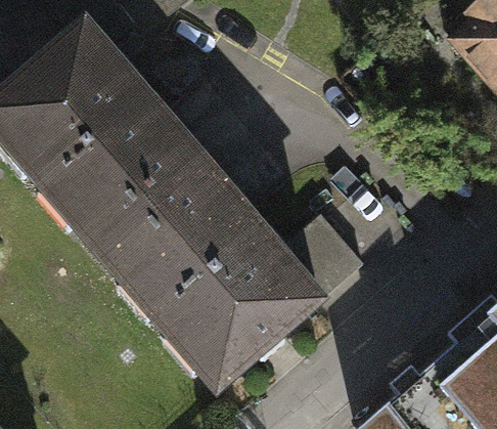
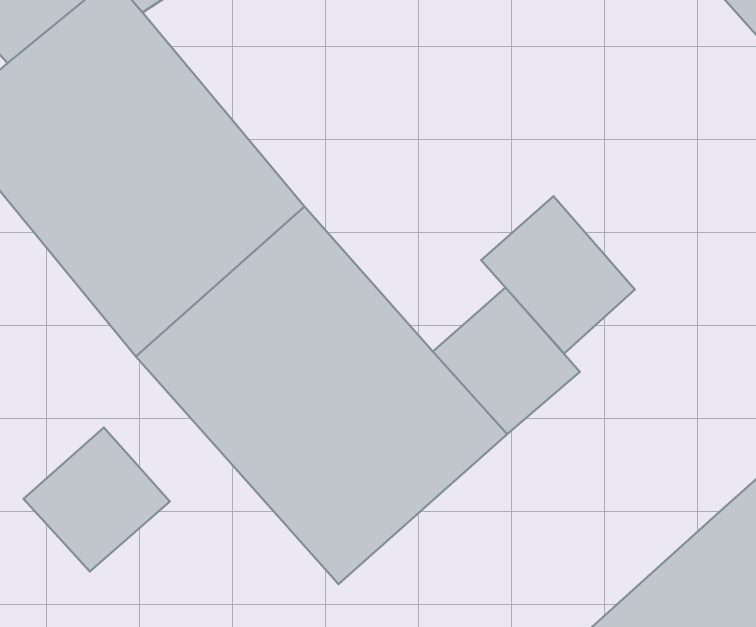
building: none -> [481,196,635,354]
building: none -> [24,427,170,571]

